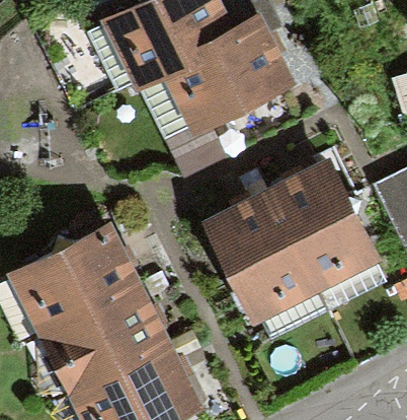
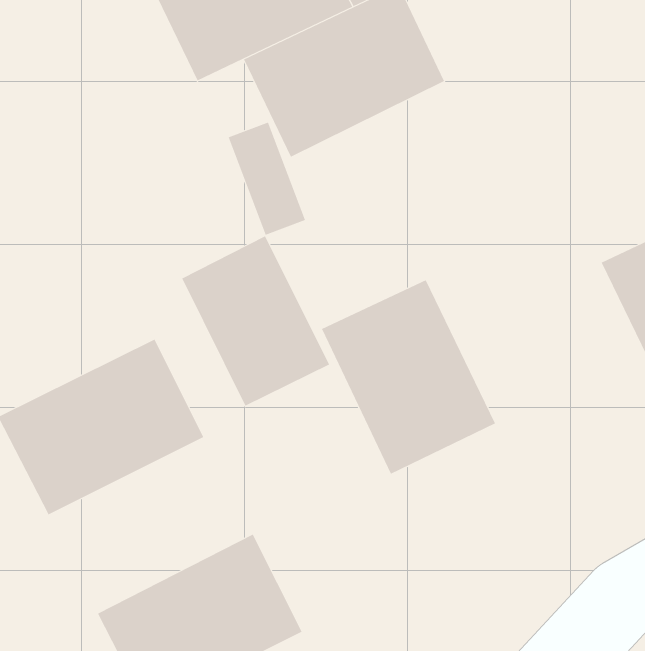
building: [272,164,377,281] -> none
building: none -> [182,235,330,407]
building: [47,289,169,395] -> none

